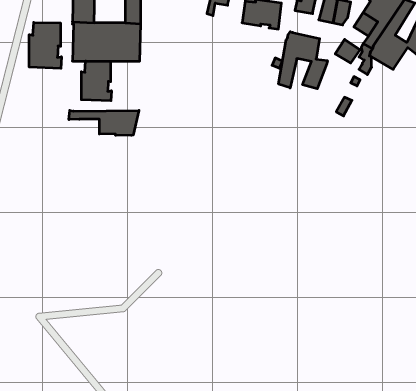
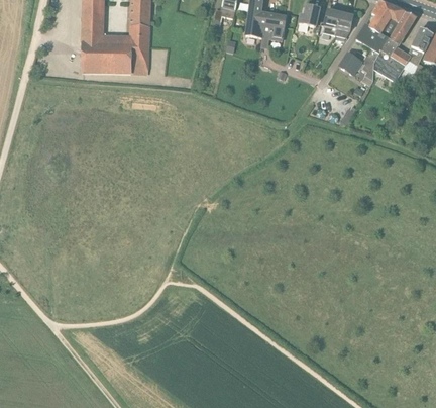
building: [29,22,61,68] -> none
building: [279,32,327,89] -> none
building: [81,61,111,101] -> none
building: [69,110,139,135] -> none

